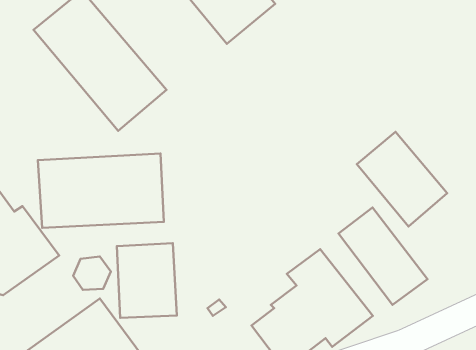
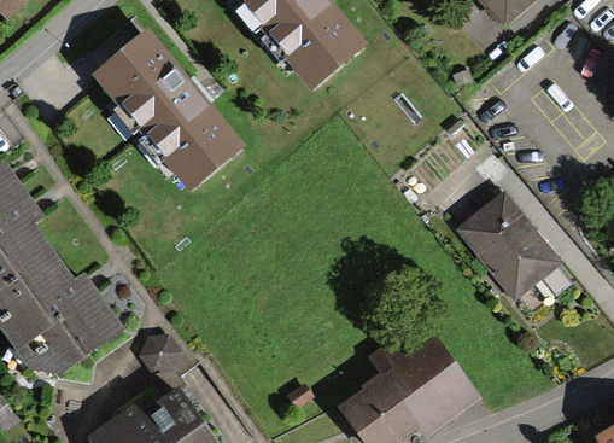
building: [38,153,164,228] -> none
building: [339,208,428,305] -> none
building: [117,243,177,318] -> none

